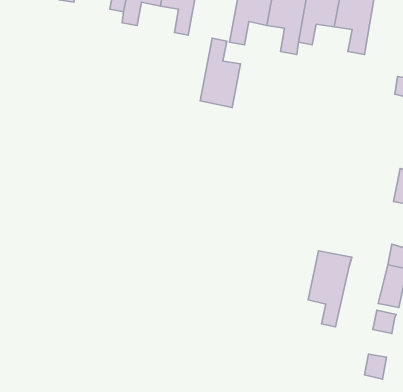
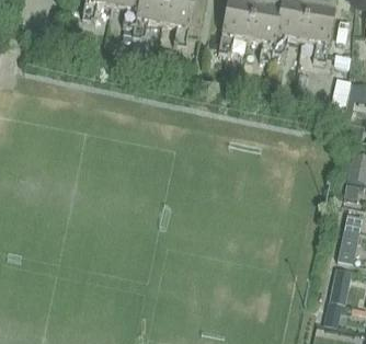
building: [200,38,241,107] -> none
building: [308,251,352,327] -> none

